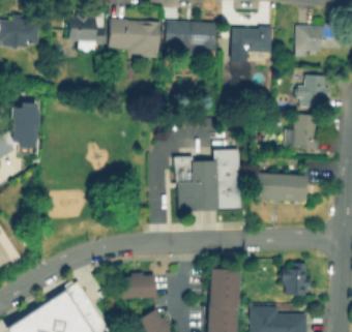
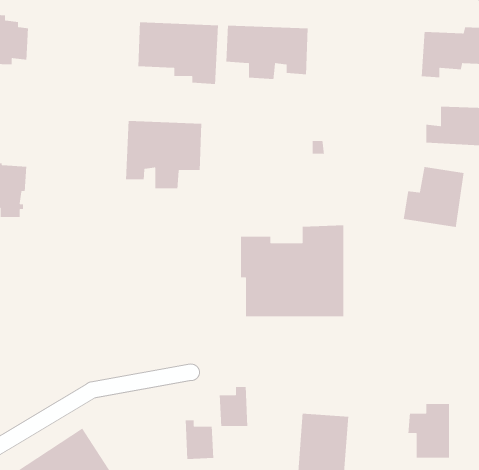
building: [68,14,105,54] -> none
building: [230,26,273,54] -> none
building: none -> [125,120,202,189]
building: [256,172,300,203] -> none
building: [121,273,140,299] -> [219,386,248,427]

